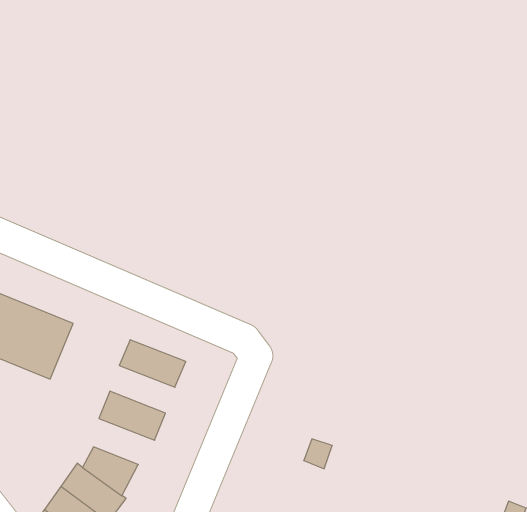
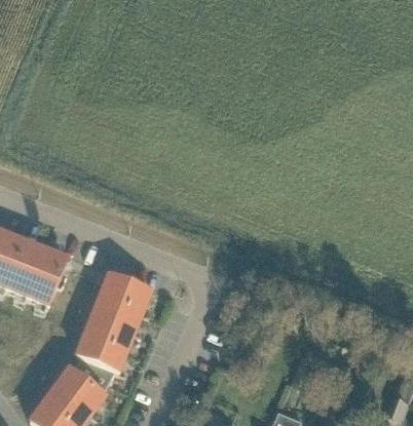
building: none -> [92,293,142,328]
building: none -> [76,333,126,369]

